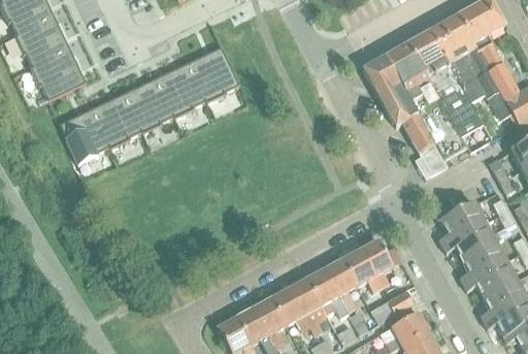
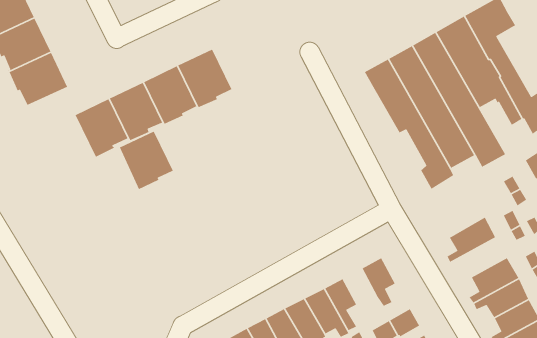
building: [60,107,112,163] -> [119,131,175,190]
building: [443,222,497,259] -> none
building: [343,251,382,291] -> none

